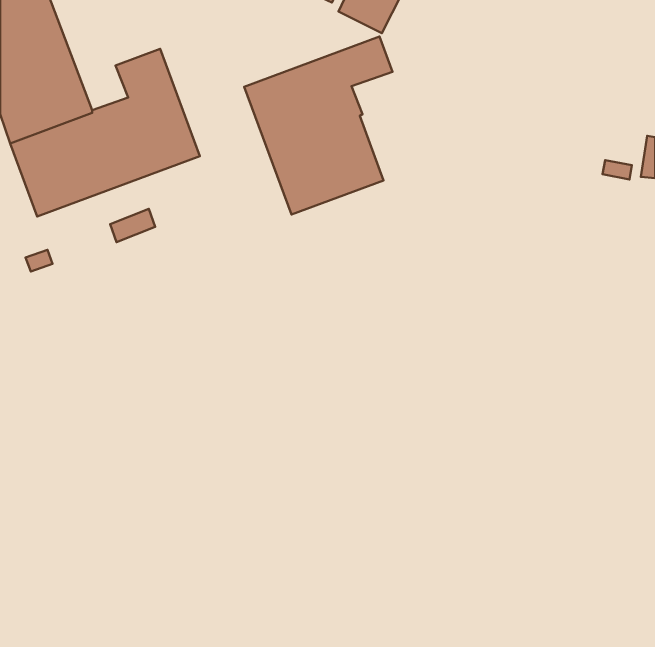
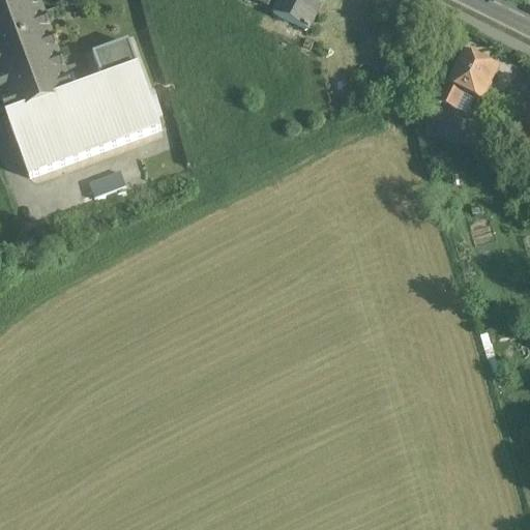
building: [244,37,393,215] -> none
building: none -> [441,50,497,106]

